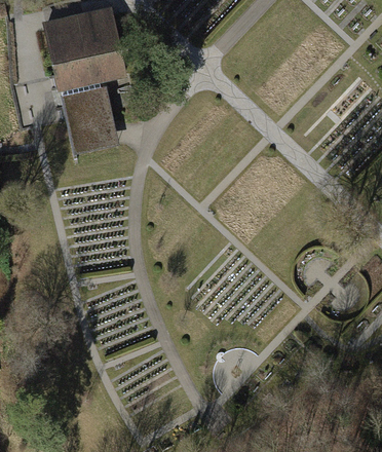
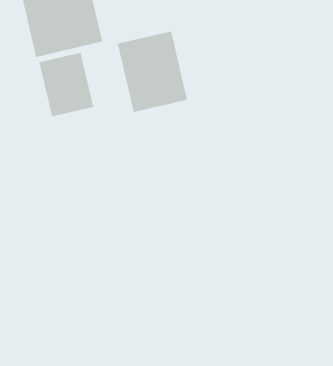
building: none -> [117,31,188,113]

